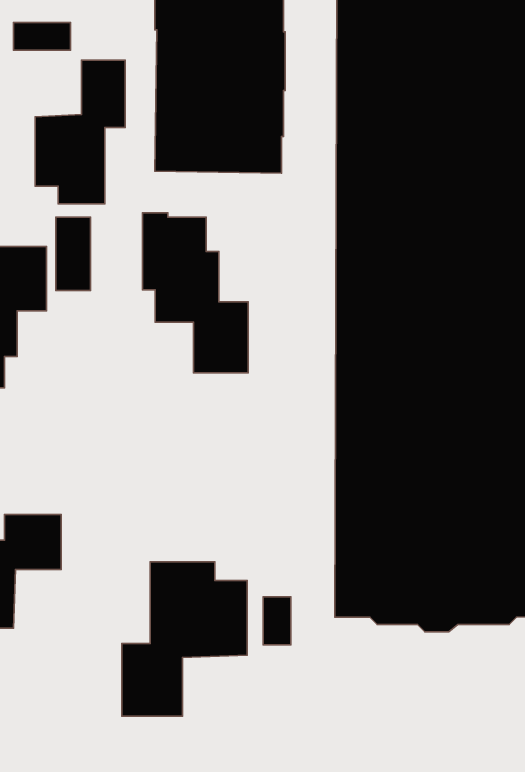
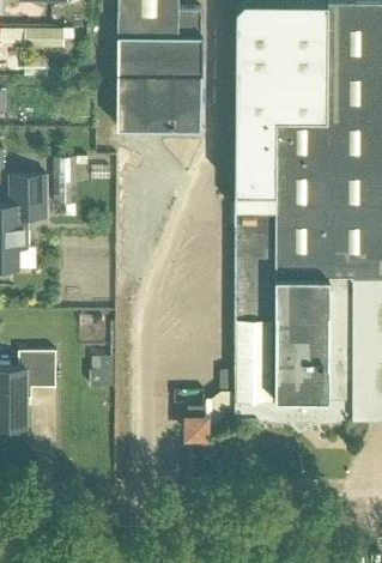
building: [35,60,125,204] -> none
building: [142,213,248,373] -> none
building: [122,562,247,716] -> none

